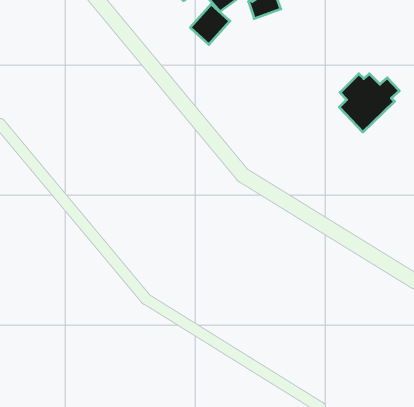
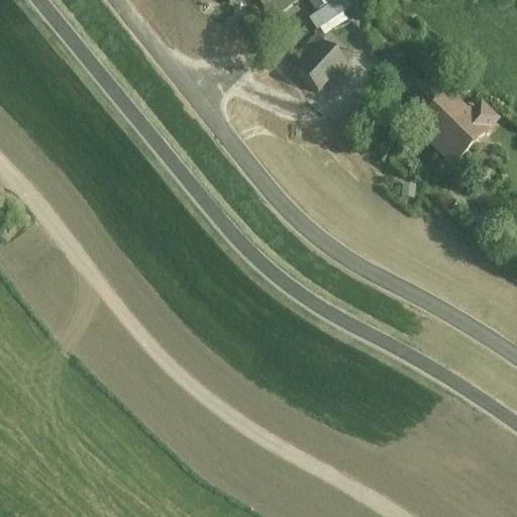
building: [190,4,230,45] -> [298,33,347,84]

